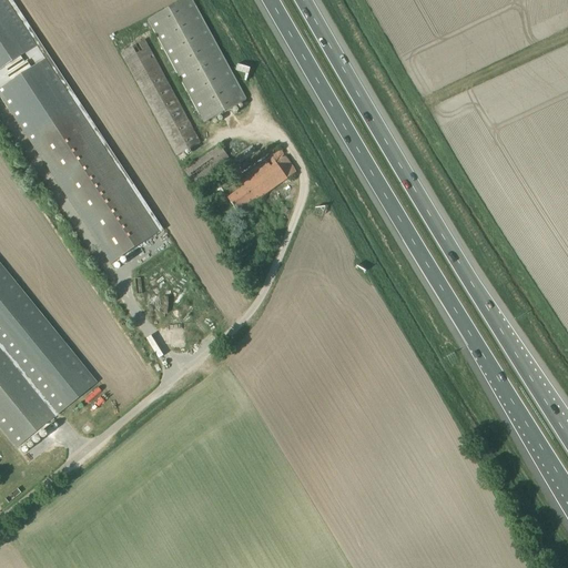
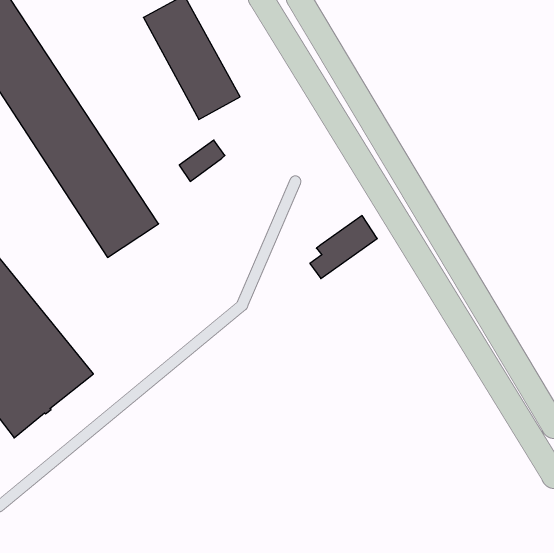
building: [119,39,200,155] -> none
building: [226,148,295,212] -> [310,216,377,279]

